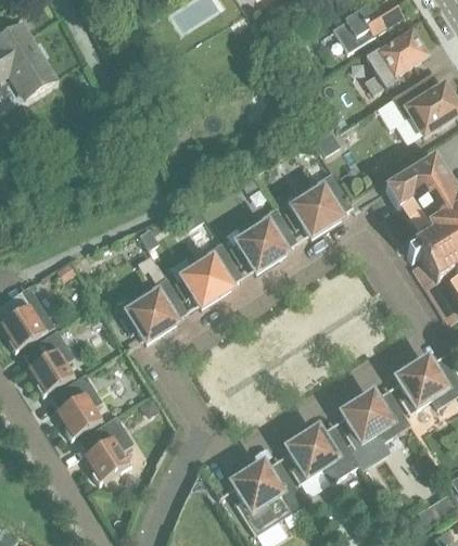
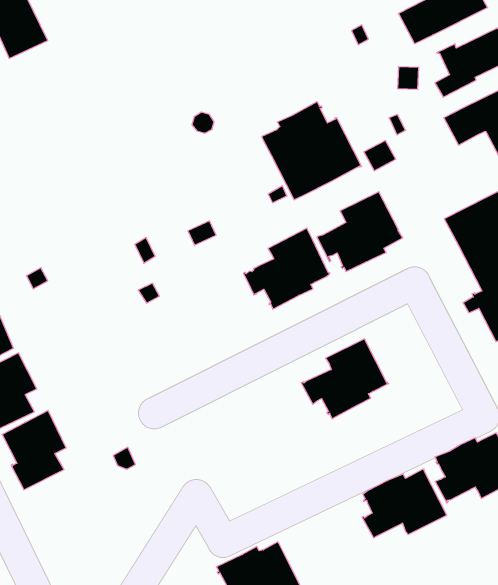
building: none -> [262,102,362,200]
building: [174,243,243,309] -> [301,339,389,419]
building: [119,278,188,344] -> none
building: [78,416,133,483] -> none
building: [287,424,358,484] -> none

